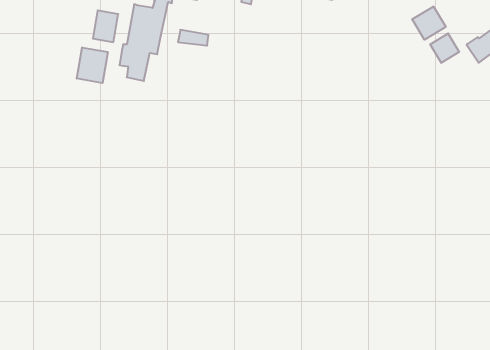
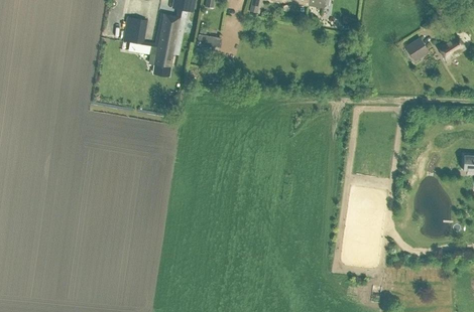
building: [412,6,446,40] -> none
building: [77,47,108,83] -> none

